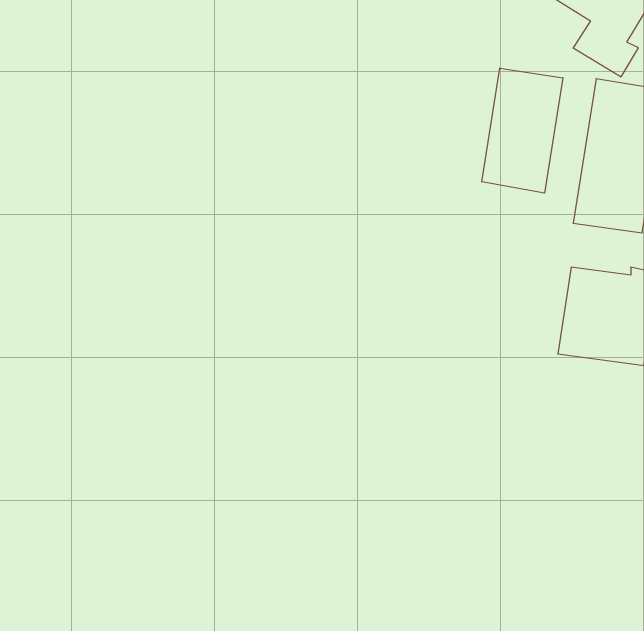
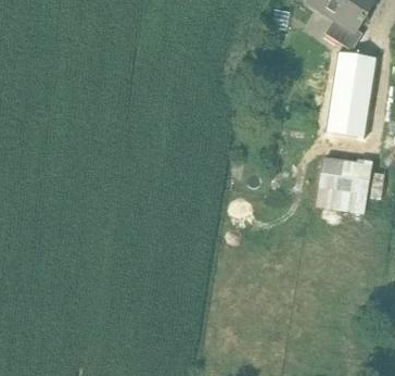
building: [482,68,563,193] -> none

